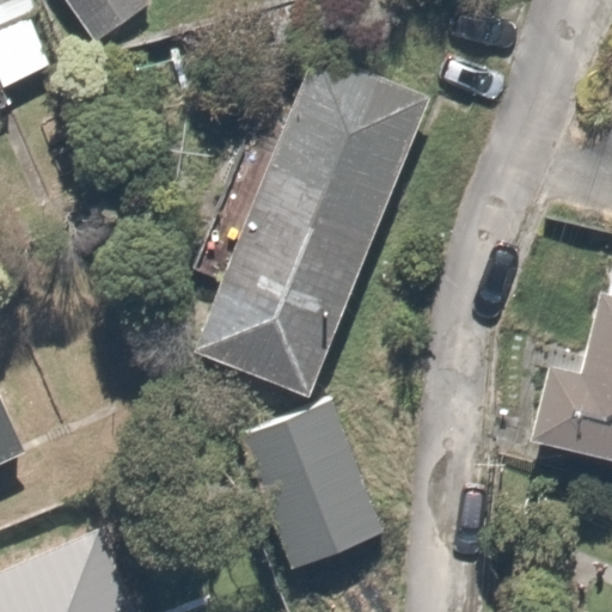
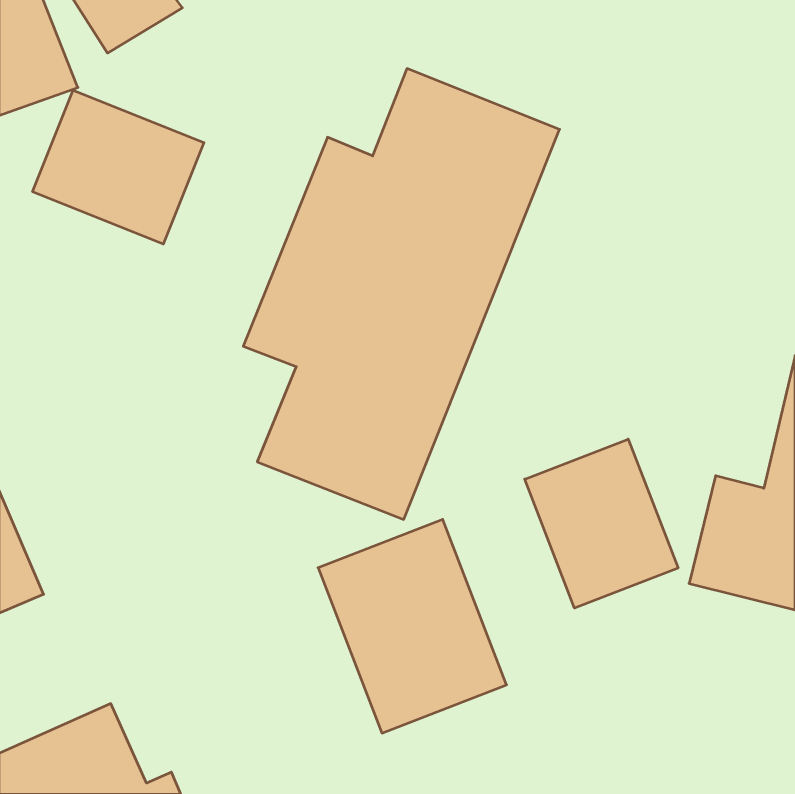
building: none -> [33,90,204,244]
building: none -> [525,439,678,608]

